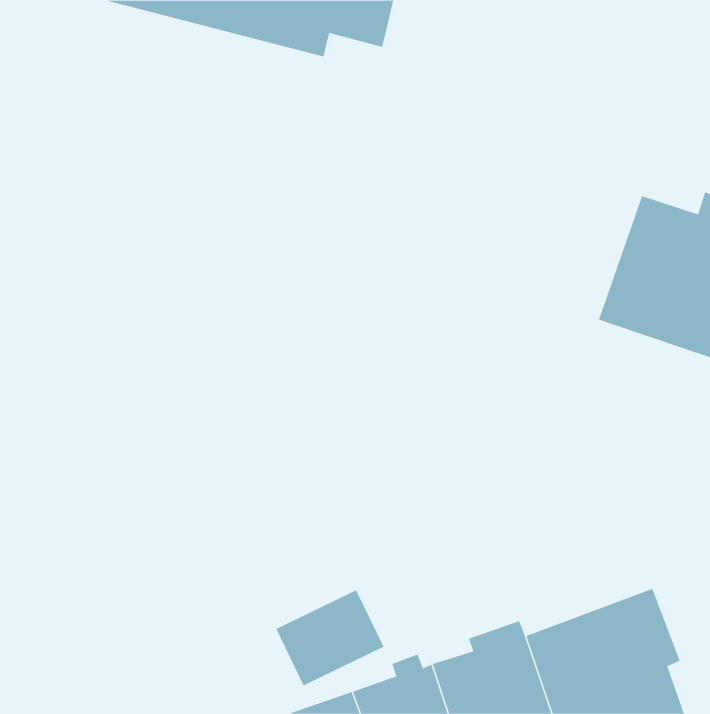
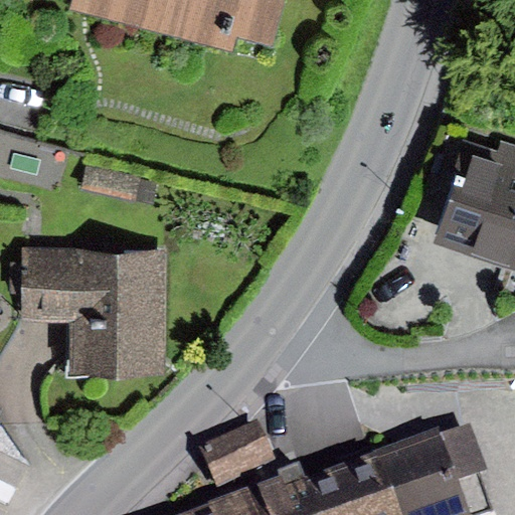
building: none -> [15,253,163,380]

